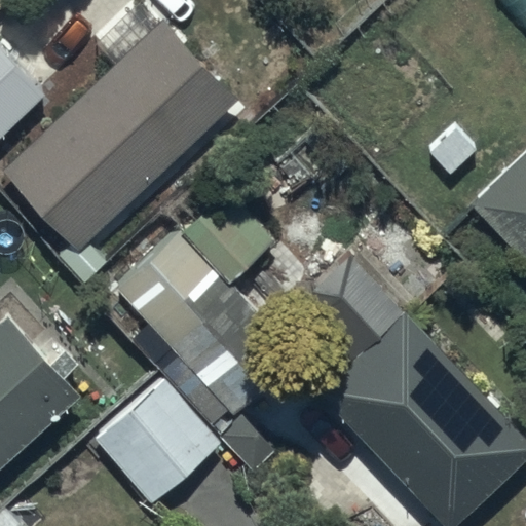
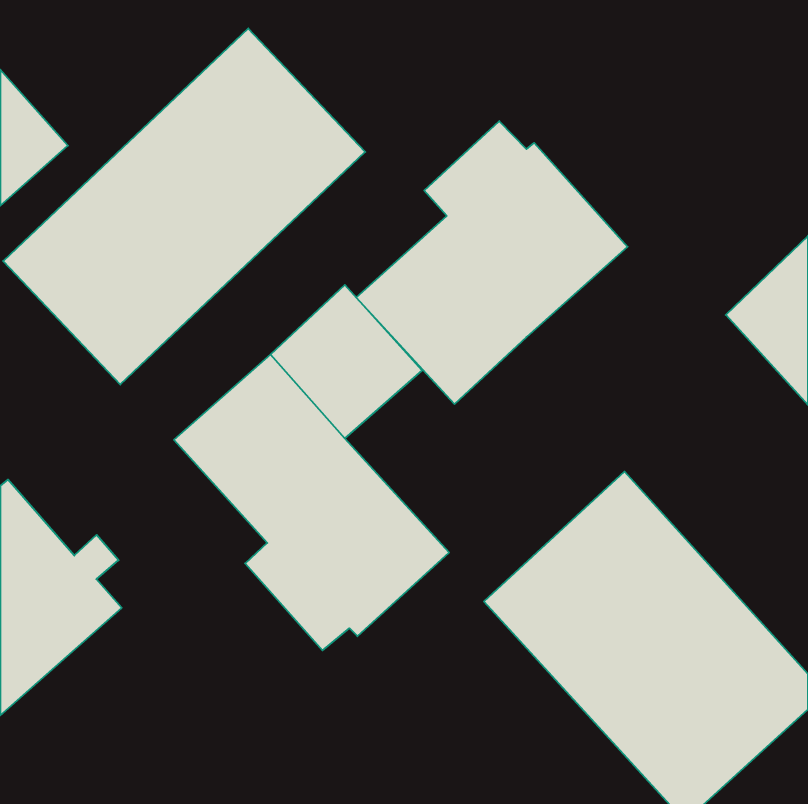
building: none -> [356,121,628,404]
building: [91,379,219,505] -> none

